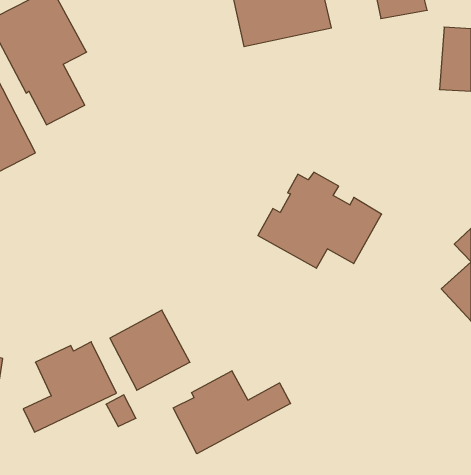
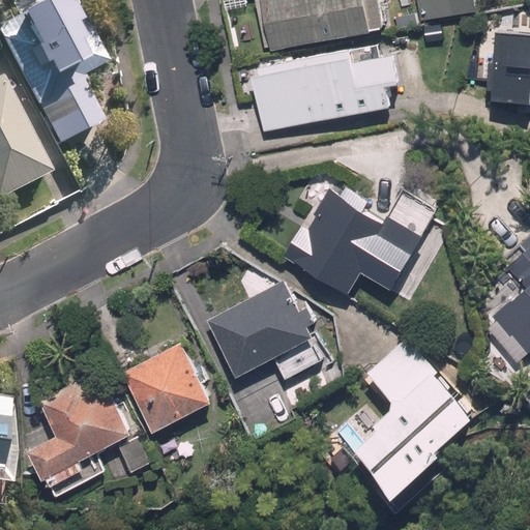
building: none -> [255,34,402,119]
building: none -> [206,285,314,379]
building: none -> [369,340,484,503]
building: [173,371,291,454] -> none

